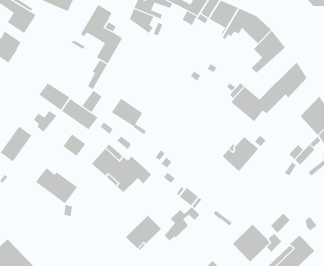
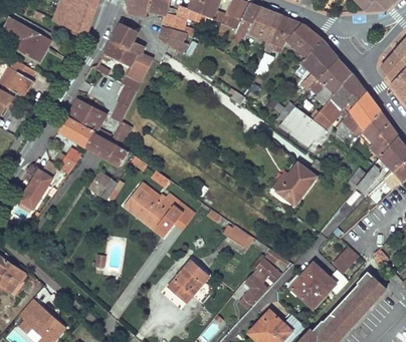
building: none -> [309,59,352,105]
building: none -> [342,92,380,145]
building: [111,98,146,135] -> [67,99,110,140]
building: [35,167,78,204] -> none
building: [164,206,200,241] -> [238,267,278,308]

